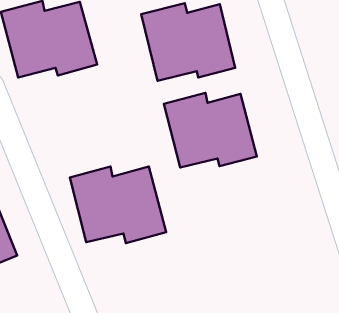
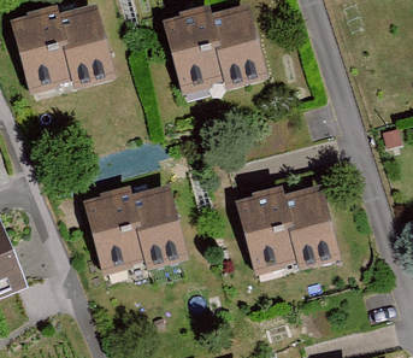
building: [164,93,257,167] -> [238,189,341,271]

